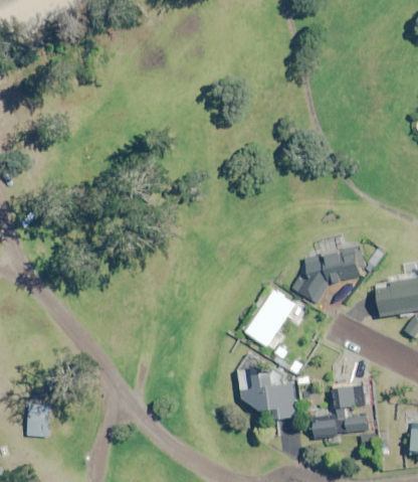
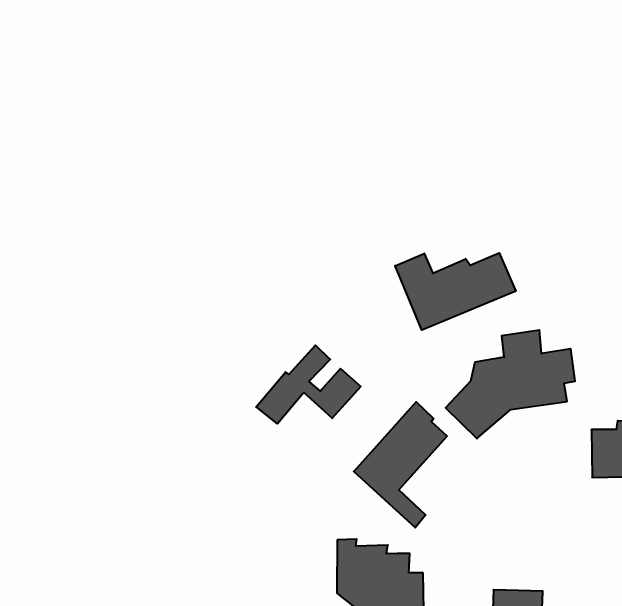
building: none -> [395,253,516,330]
building: none -> [256,345,361,424]

